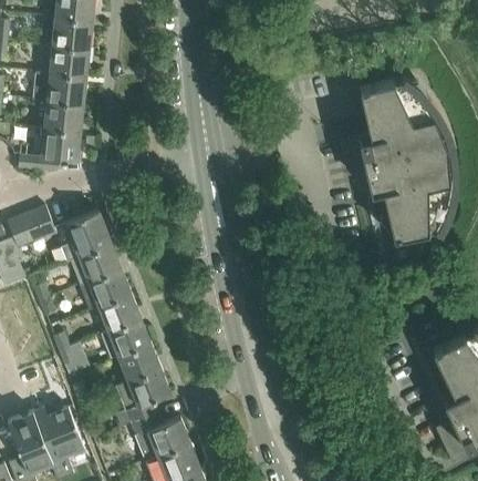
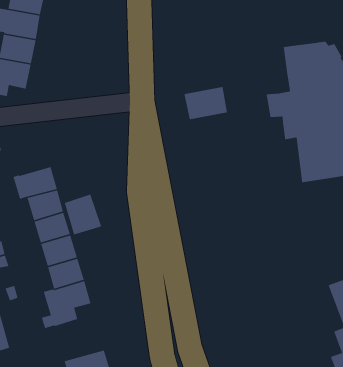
building: none -> [184,86,228,120]
building: [60,211,112,257] -> none
building: none -> [64,194,102,235]
building: [131,412,189,460] -> none

